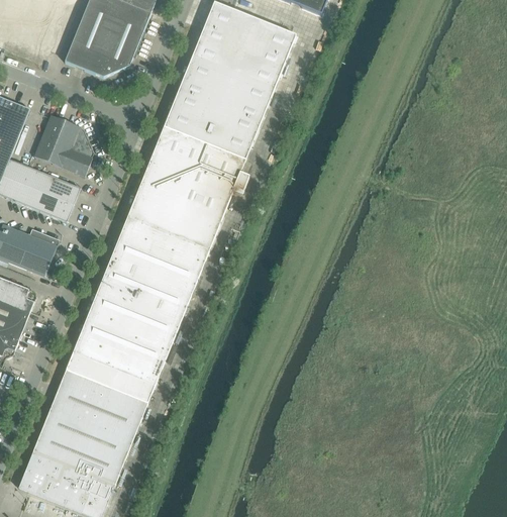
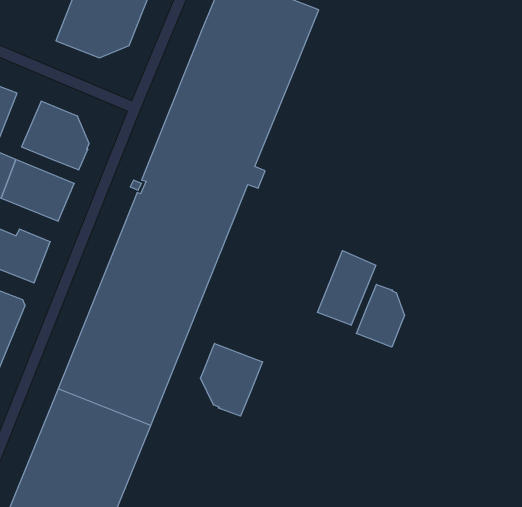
building: none -> [318,251,376,325]
building: none -> [356,284,404,347]
building: none -> [201,343,263,416]

